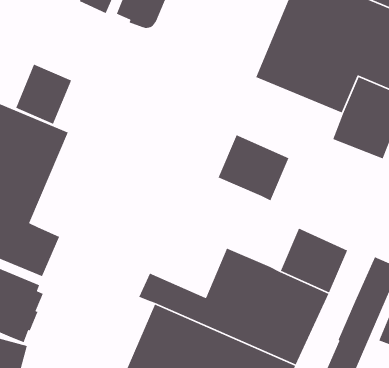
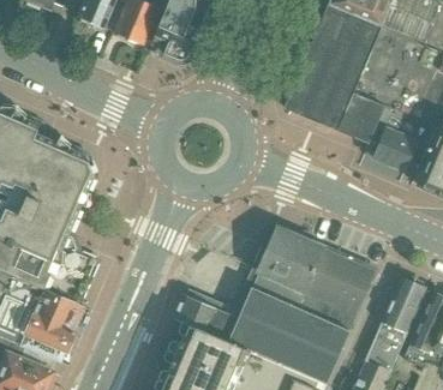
building: [15,63,72,125] -> none
building: [217,134,290,201] -> [258,228,328,293]

